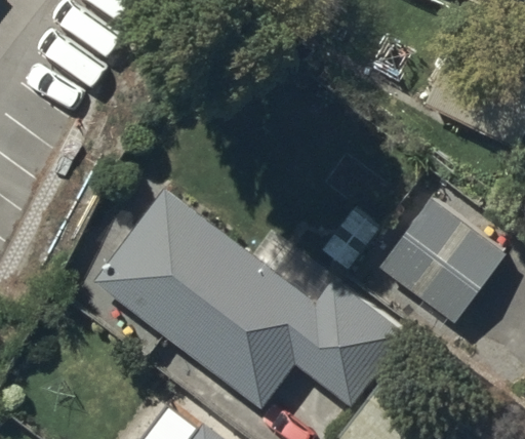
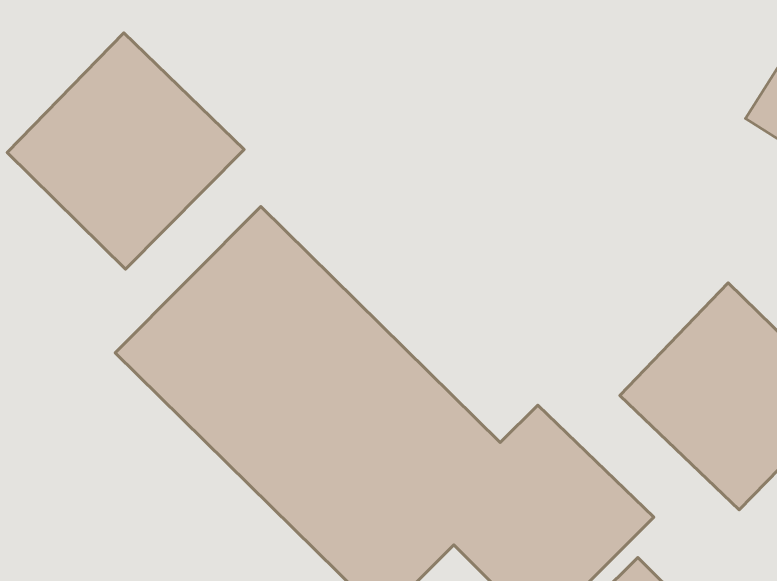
building: none -> [7,33,244,269]

